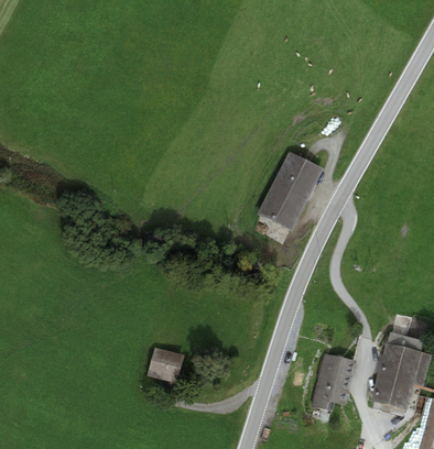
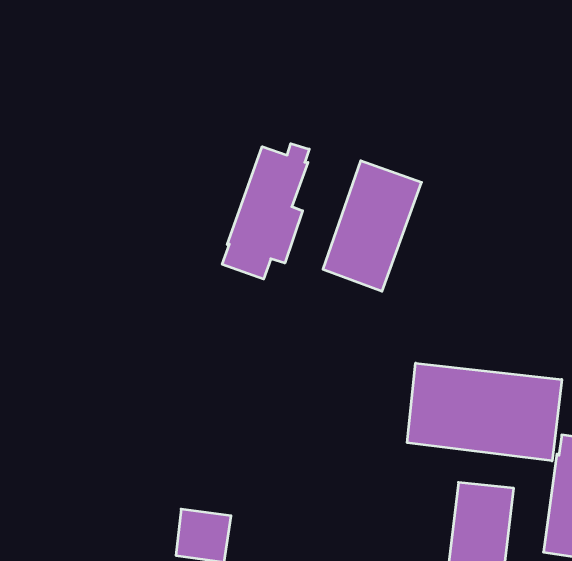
building: none -> [222,144,309,279]
building: none -> [407,363,562,461]

